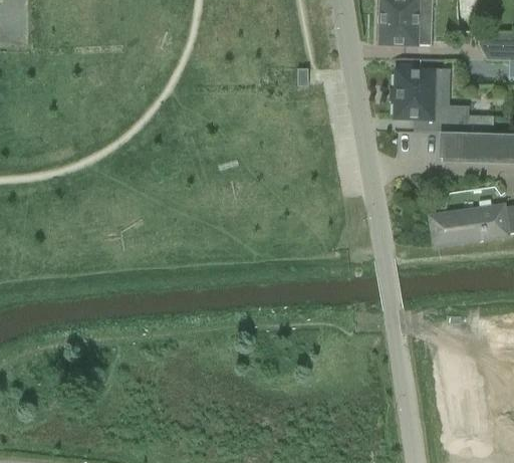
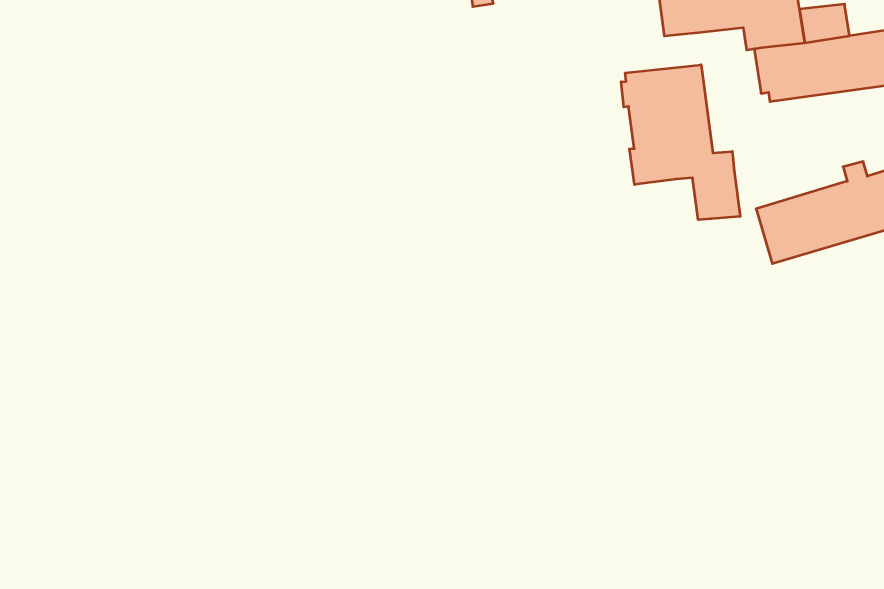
building: none -> [621,65,740,220]

